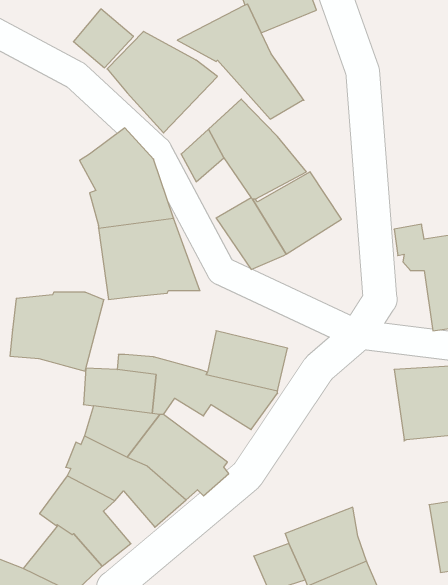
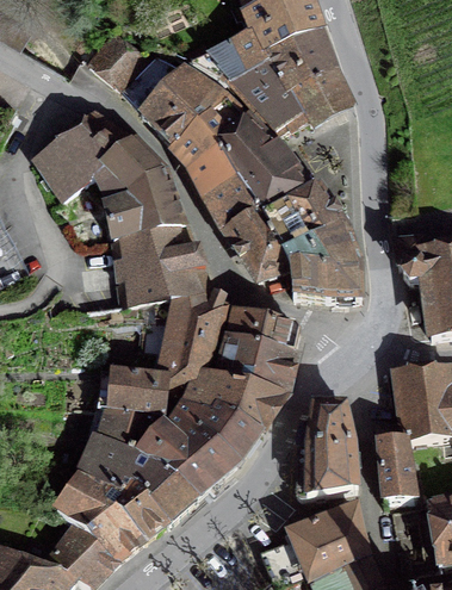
building: none -> [268,31,349,122]
building: none -> [175,94,249,168]
building: none -> [33,113,138,197]
building: none -> [206,172,259,229]
building: none -> [290,230,361,298]
building: [10,292,104,371] -> [138,298,228,373]
building: none -> [225,308,299,353]
building: none -> [175,400,259,461]
building: none -> [297,403,357,496]
building: none -> [378,436,417,505]
building: none -> [118,489,167,539]

